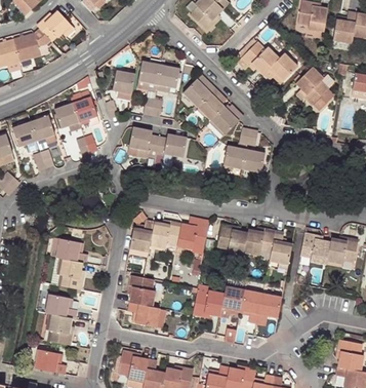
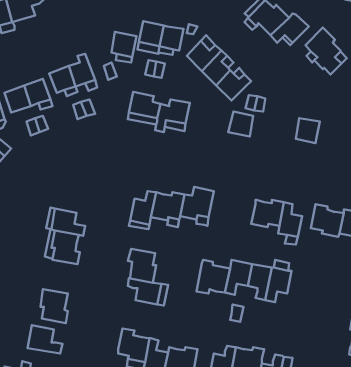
building: [243,150,266,173] -> [296,118,320,143]
building: [217,224,248,256] -> none
building: [45,294,77,318] -> none

